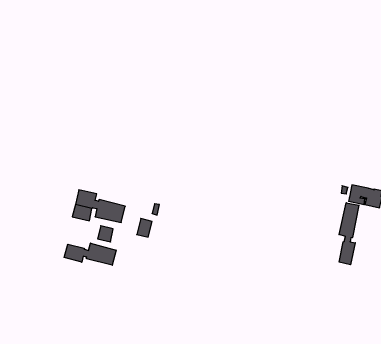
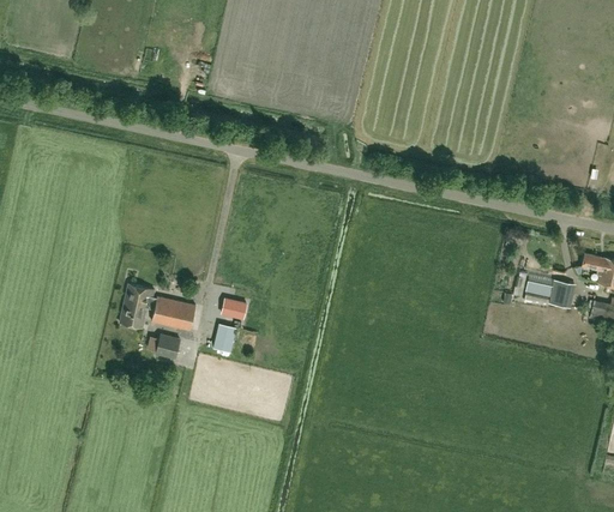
building: [339,203,359,265] -> none
building: [64,243,116,265] -> none

